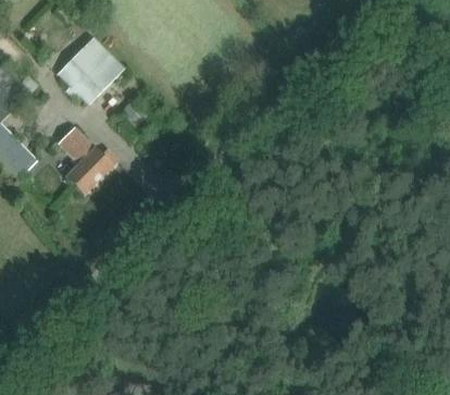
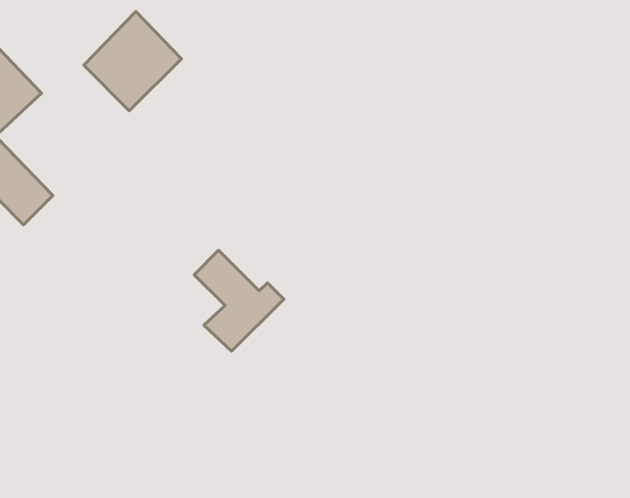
building: [57,126,116,194] -> [194,250,284,351]

